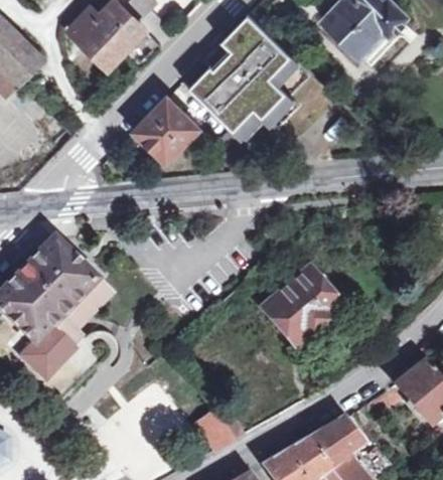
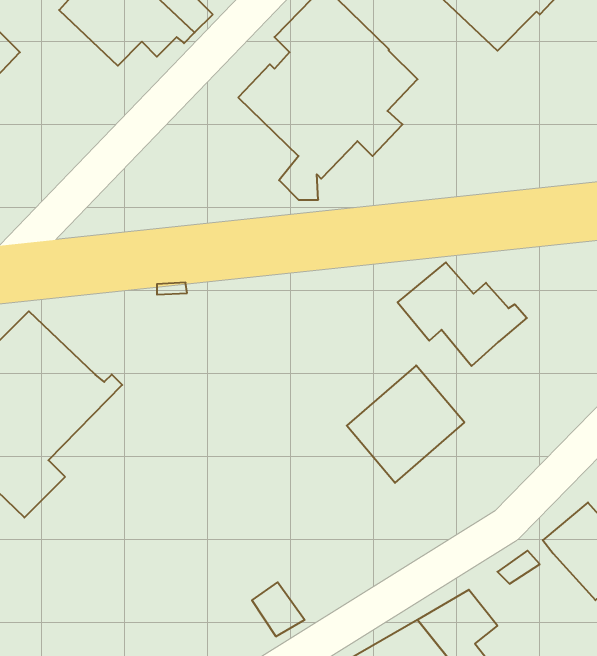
building: [133,98,198,162] -> none
building: none -> [398,262,527,366]

